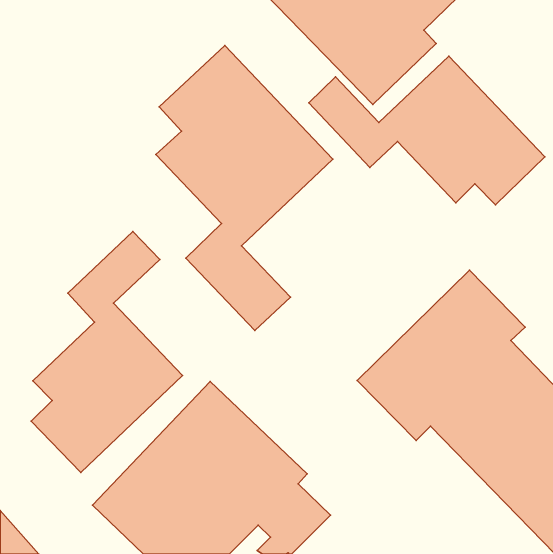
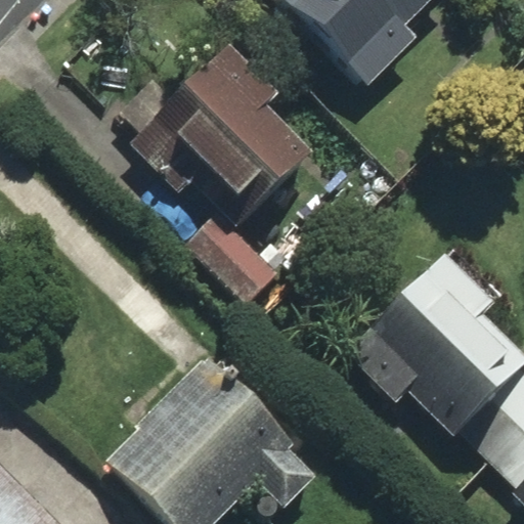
building: [309,56,545,205] -> none
building: [31,232,183,472] -> none

